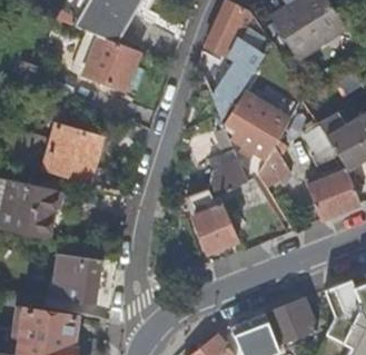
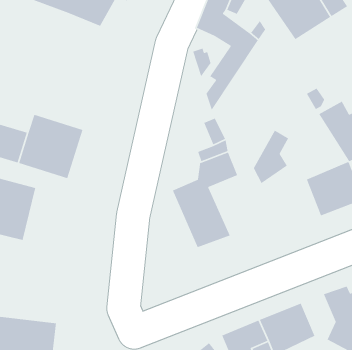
building: [71,32,139,92] -> none
building: [226,95,286,156] -> none
building: [51,253,101,306] -> none

